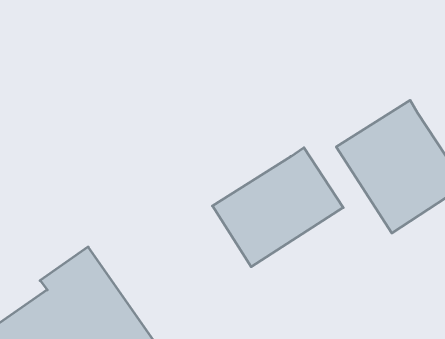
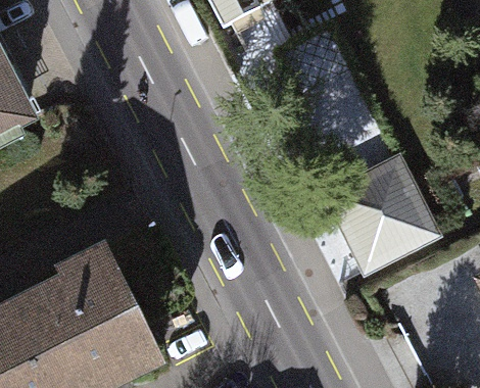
building: [212,148,343,267] -> none

